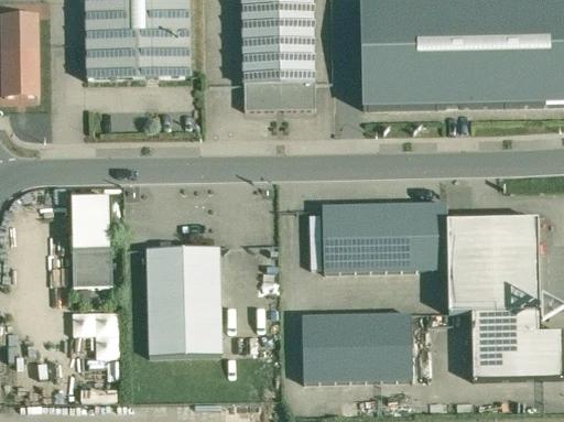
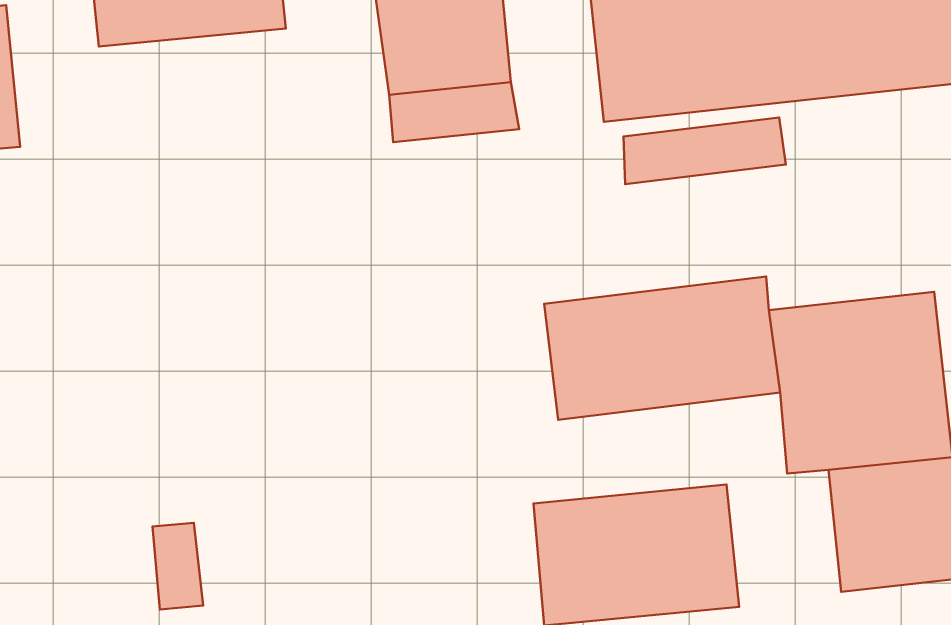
building: [86,39,191,74] -> none
building: none -> [624,117,786,184]
building: [74,201,111,285] -> none
building: [147,242,221,353] -> none

